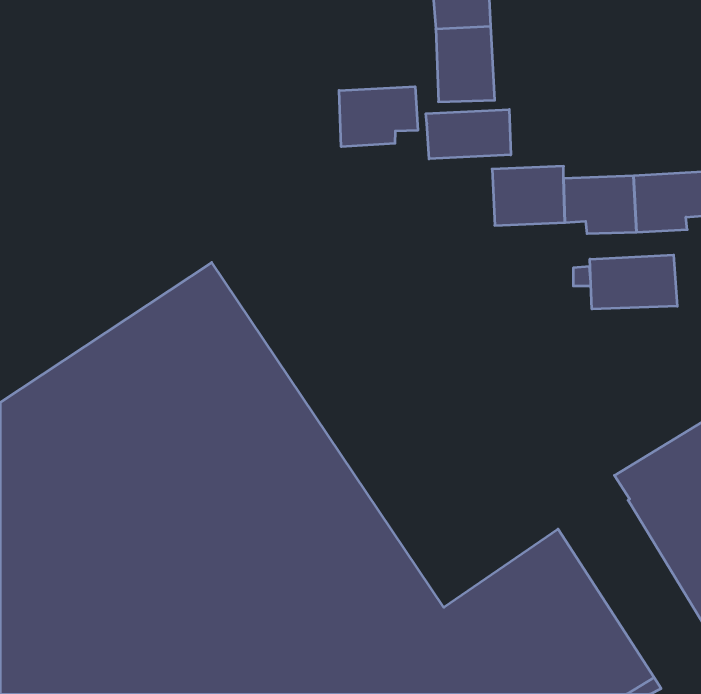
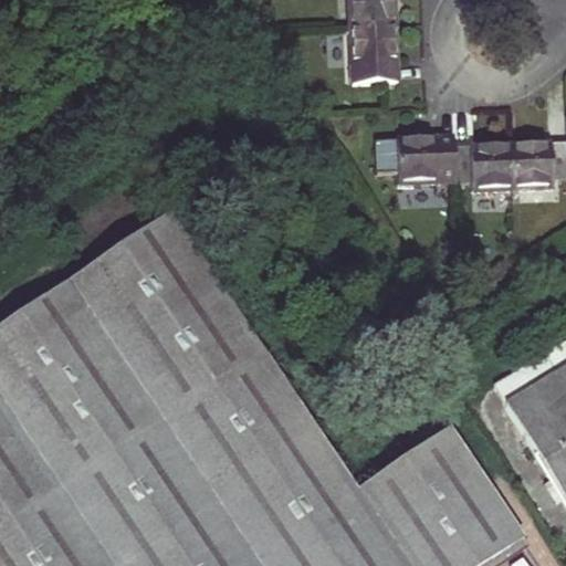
building: [339,87,418,147] -> none
building: [426,109,511,159] -> none
building: [590,255,677,309] -> none

